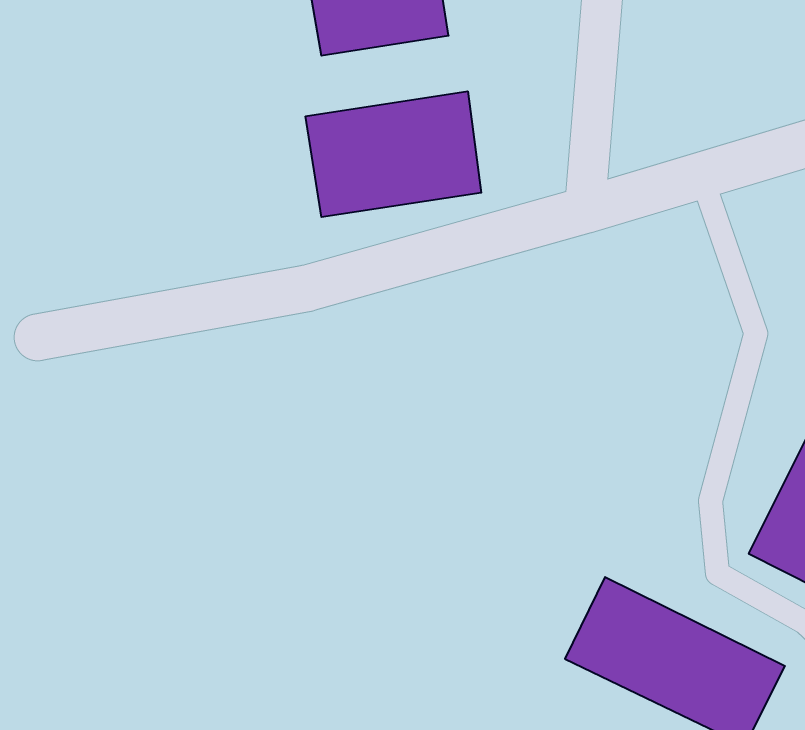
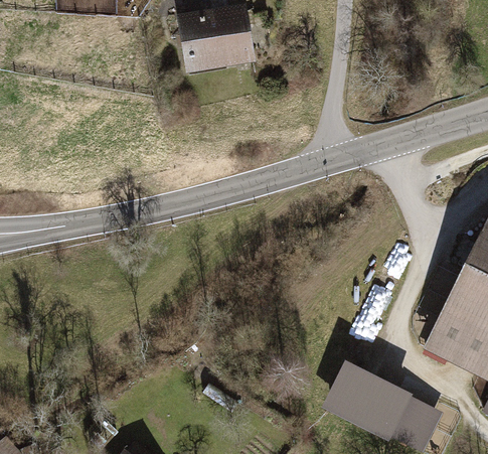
building: [306,91,481,217] -> none

